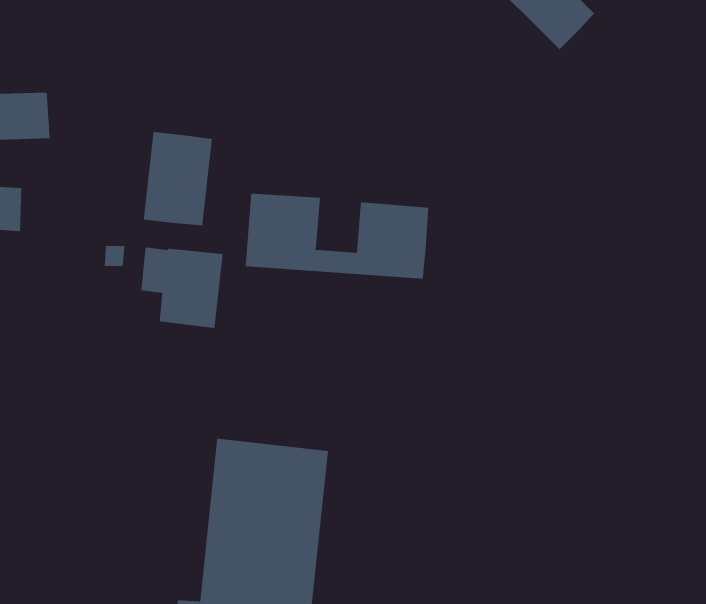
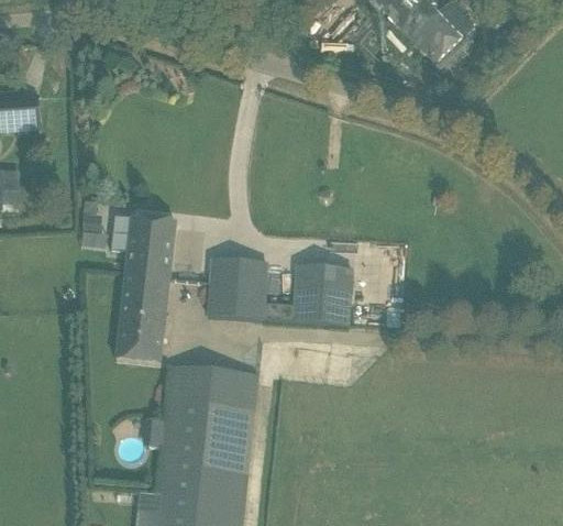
building: [143,131,213,226] -> none
building: [245,193,429,279] -> [207,257,351,325]
building: none -> [115,273,168,363]

